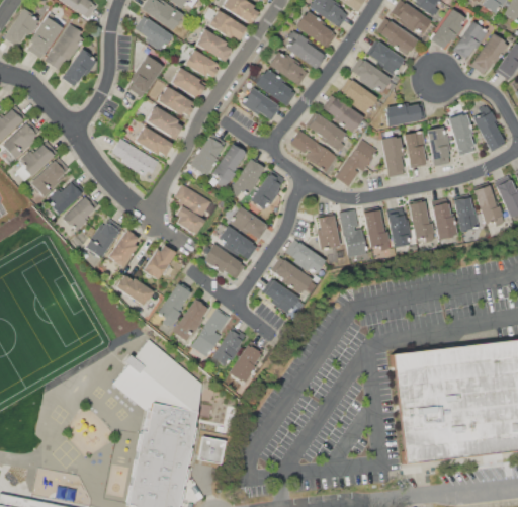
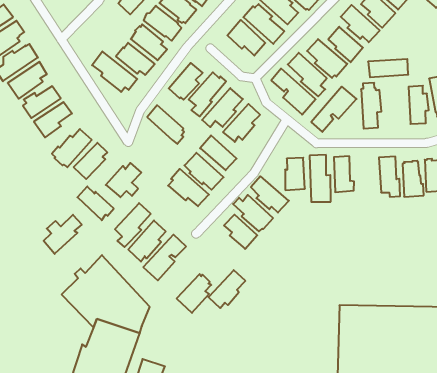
building: [405,130,427,167] -> none
building: [176,204,207,235] -> none
building: [388,212,411,247] -> none
building: none -> [44,215,82,254]
building: [212,325,247,364] -> [208,270,245,308]

